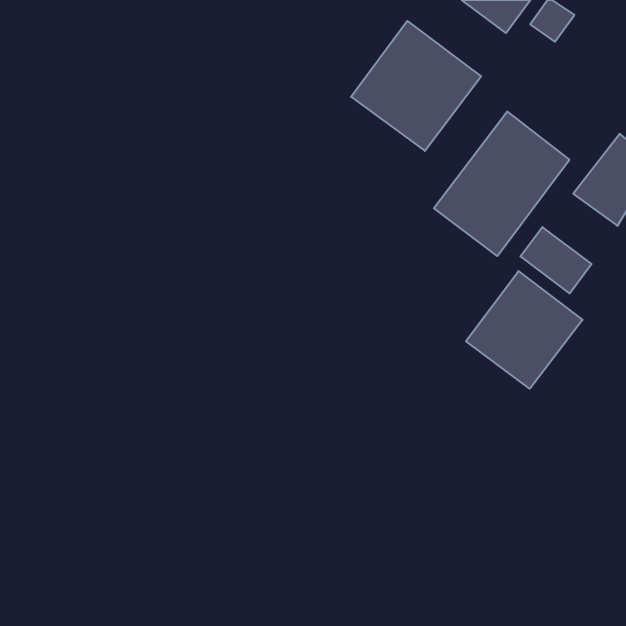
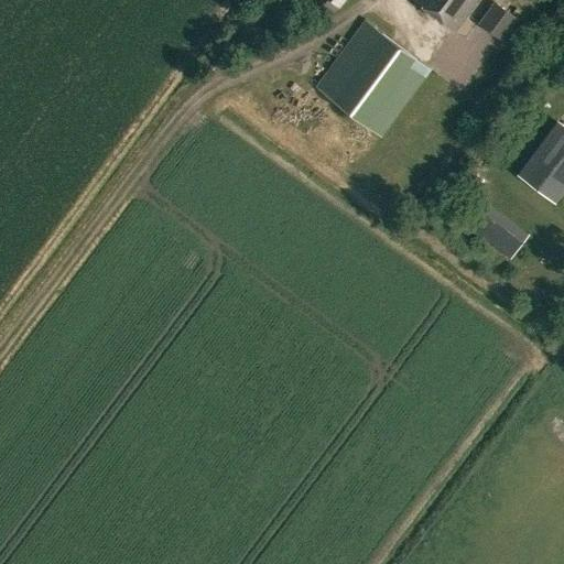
building: [434,112,569,256] -> none
building: [466,271,583,389] -> none

